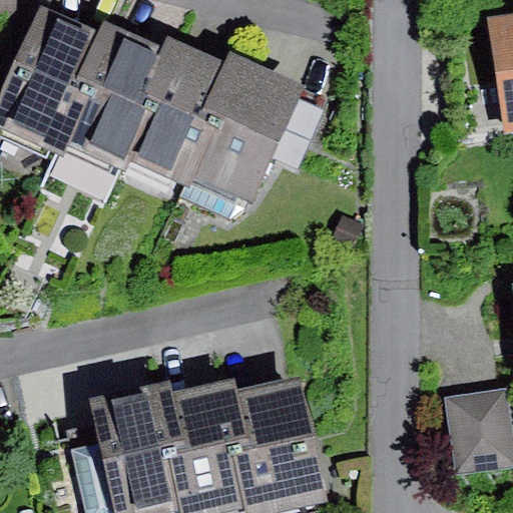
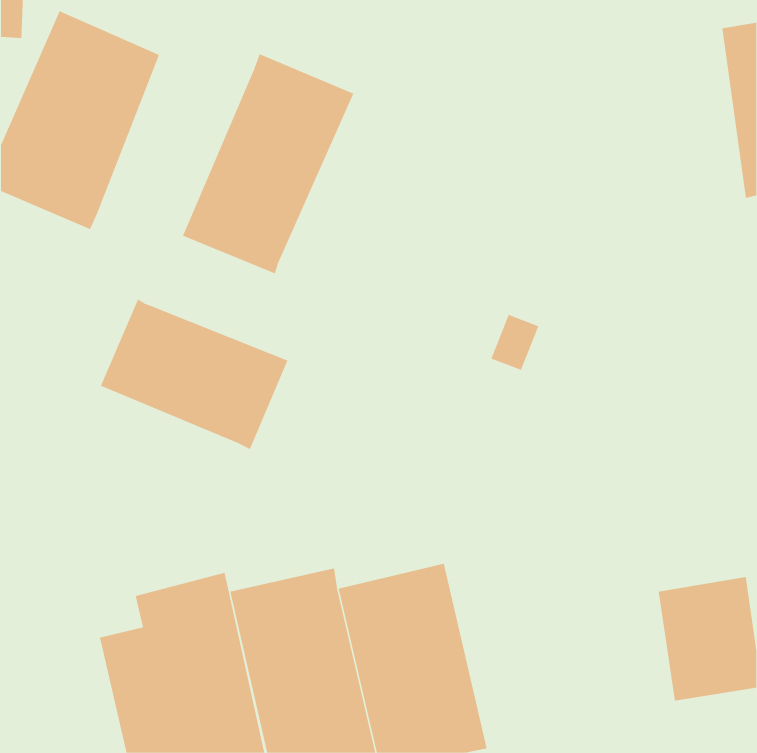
building: [66,24,171,167] -> none
building: [188,59,323,205] -> none
building: none -> [100,299,288,450]

